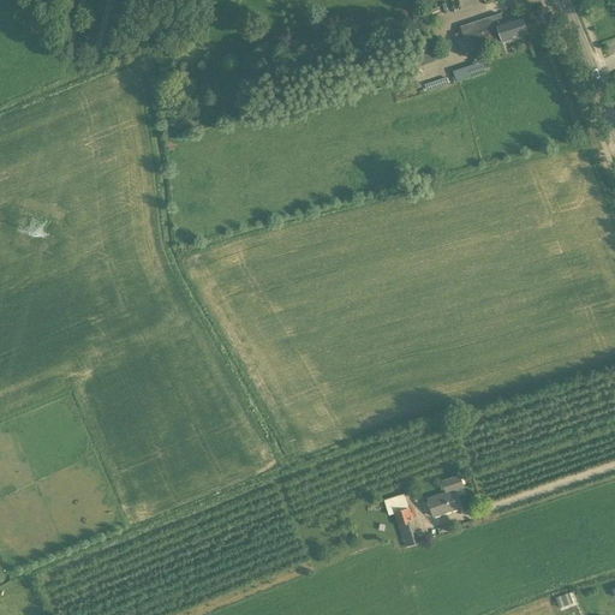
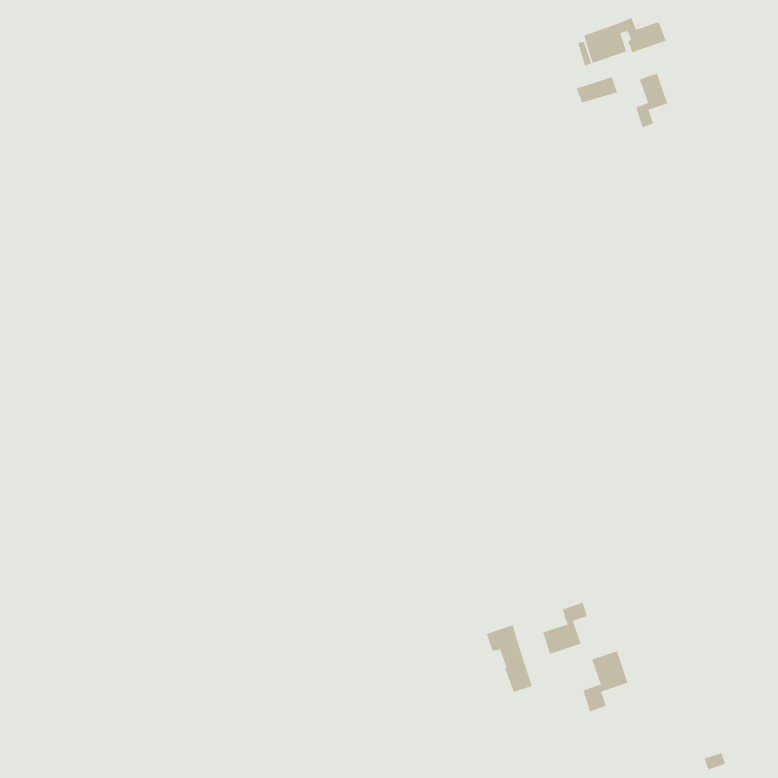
building: none -> [635,73,668,128]
building: none -> [583,650,629,712]

